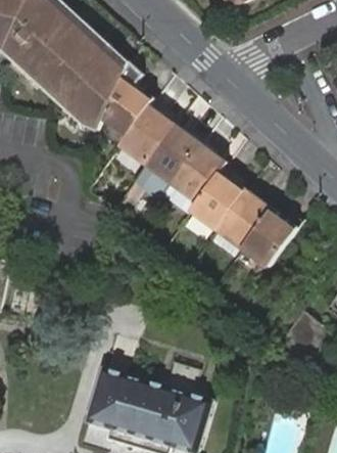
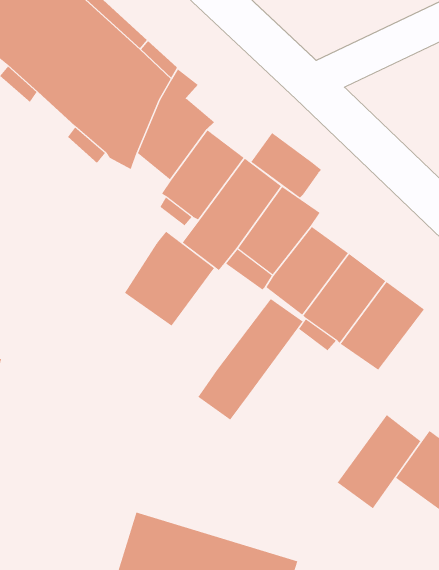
building: none -> [250,132,322,198]
building: none -> [124,231,215,327]
building: none -> [197,298,304,420]
building: none -> [337,414,421,509]

